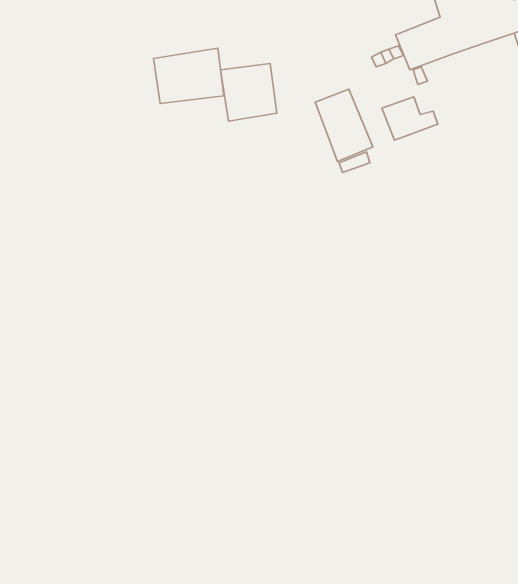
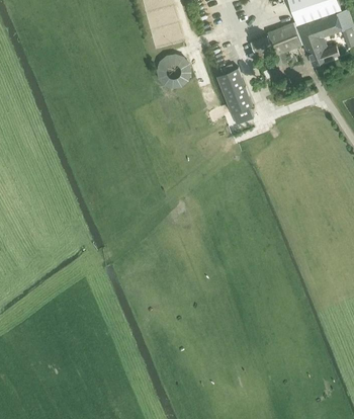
building: [154,48,224,104] -> none
building: [382,97,438,140] -> [303,37,339,65]

